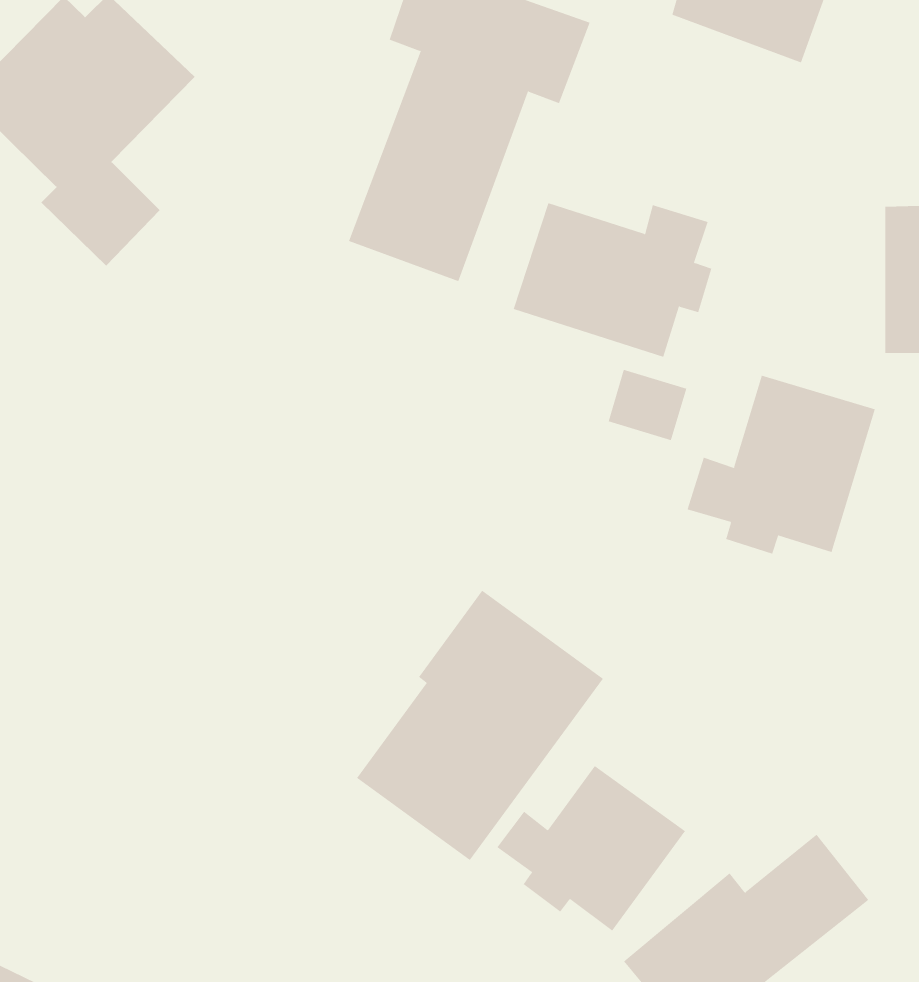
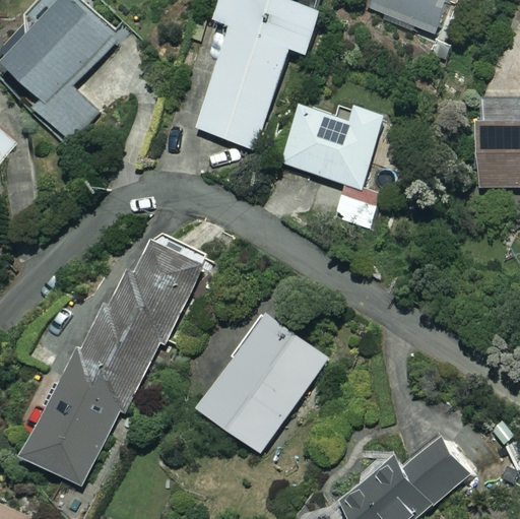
building: [687,375,875,554] -> none
building: none -> [22,237,201,486]
building: [496,765,686,931] -> none

